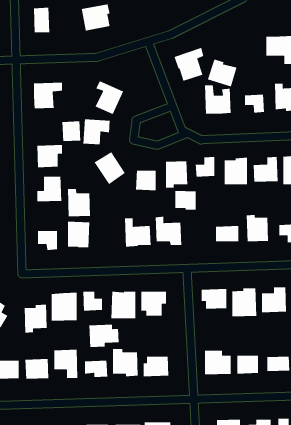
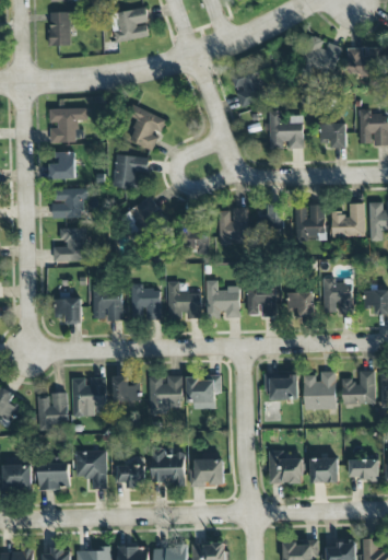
building: [207,59,238,88] -> [303,36,342,73]
building: [61,121,81,142] -> [50,152,75,179]
building: [67,188,91,217] -> [130,284,161,322]
building: [174,190,197,210] -> [247,291,275,317]
building: [89,324,119,348] -> none

